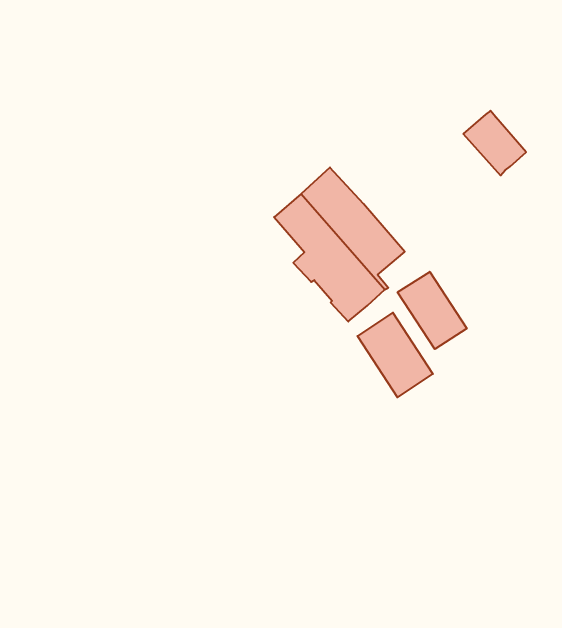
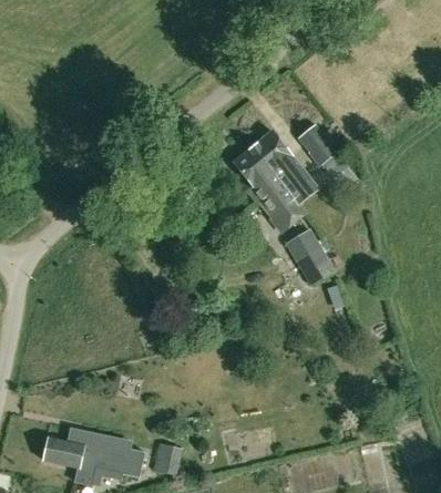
building: [463,111,526,175] -> [296,123,337,166]
building: [398,272,467,349] -> none

